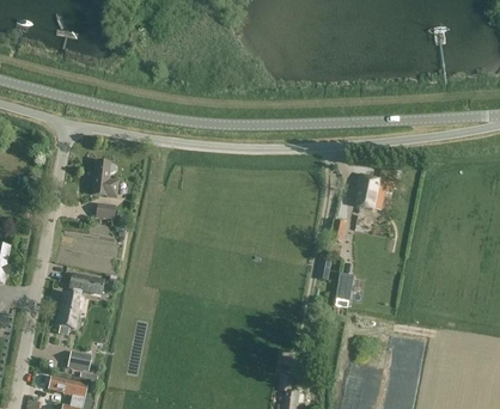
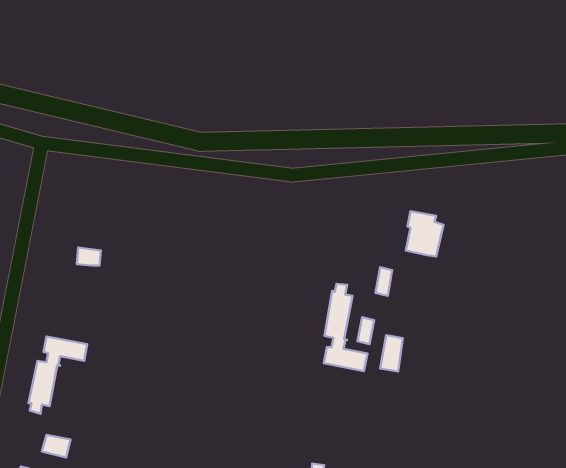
building: [91,159,117,195] -> none
building: none -> [324,284,367,371]

